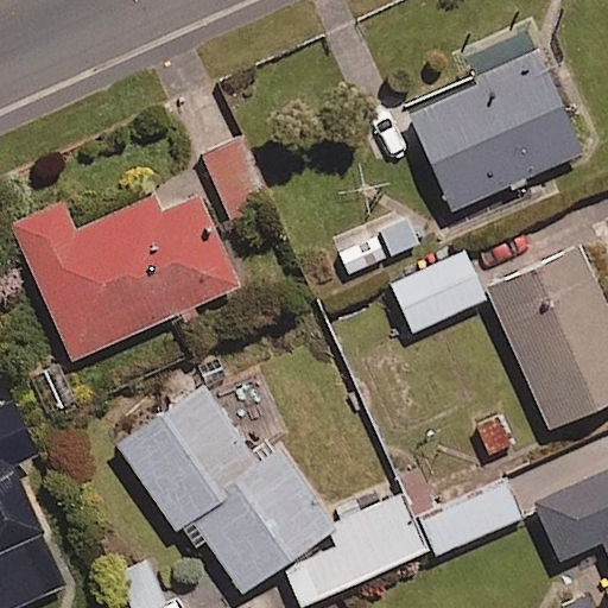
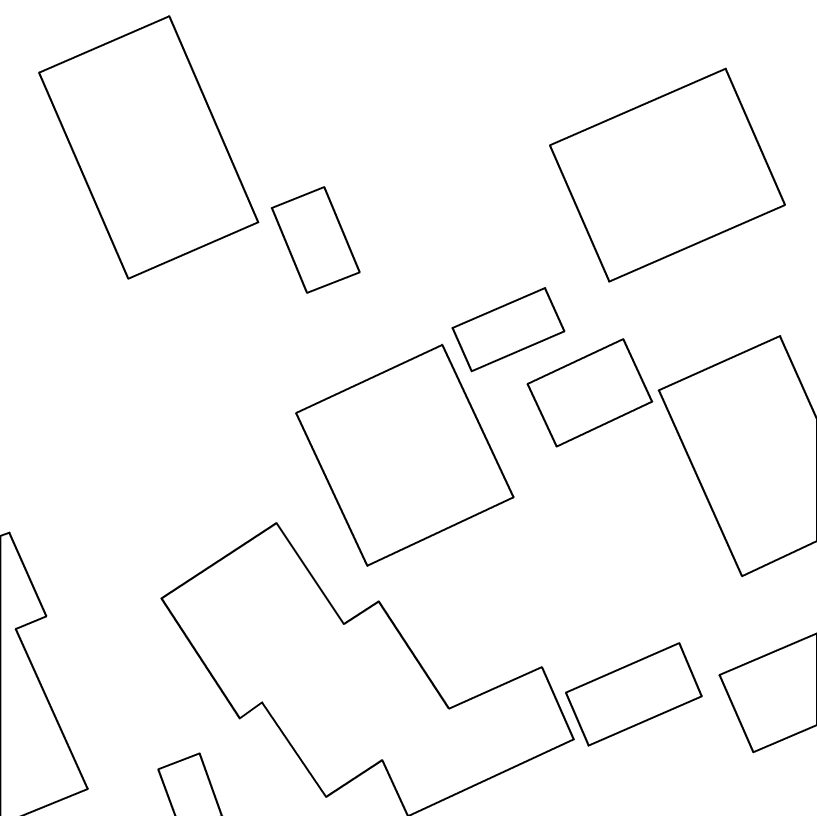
building: none -> [39,16,258,279]
building: [11,195,239,360] -> none
building: none -> [296,345,513,566]

